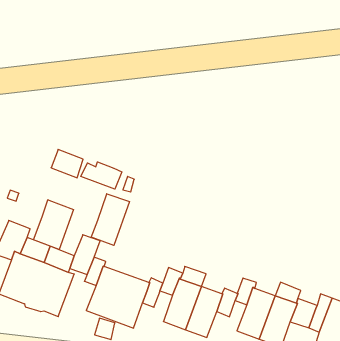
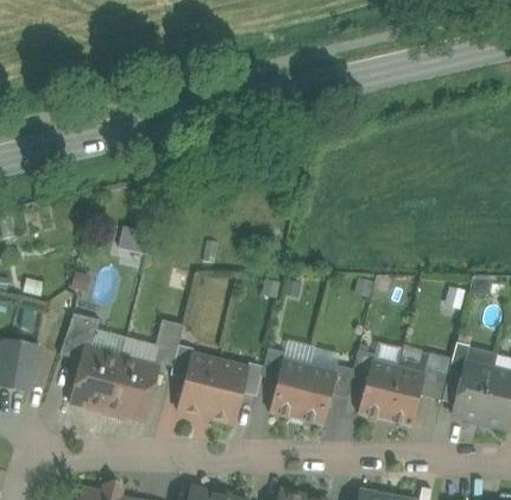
building: [81,162,122,189] -> none
building: [91,194,130,245] -> none
building: [33,200,74,250] -> none

